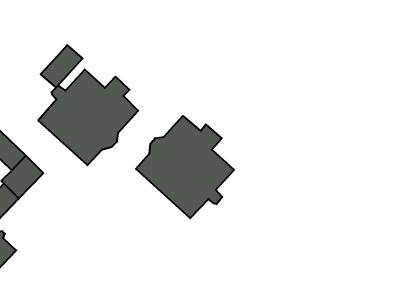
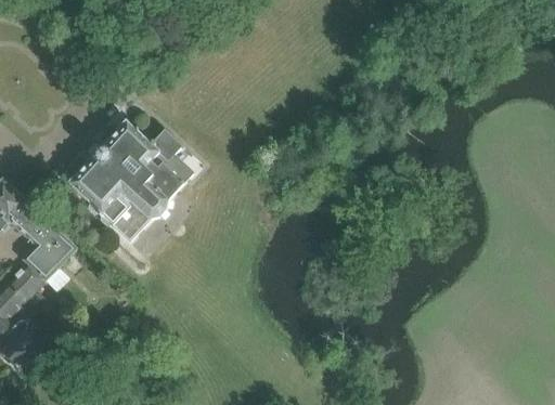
building: [41,45,83,88] -> none
building: [136,116,234,218] -> none

